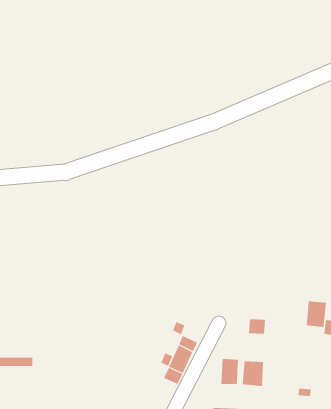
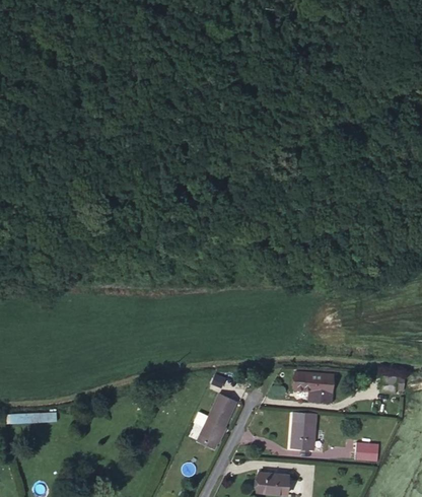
building: [306,301,327,327] -> [312,372,336,402]
building: [221,358,238,385] -> none

